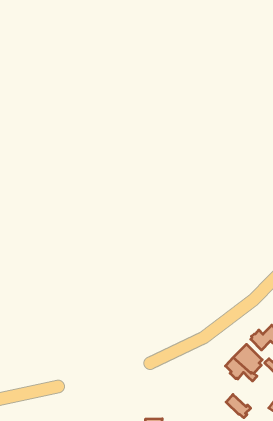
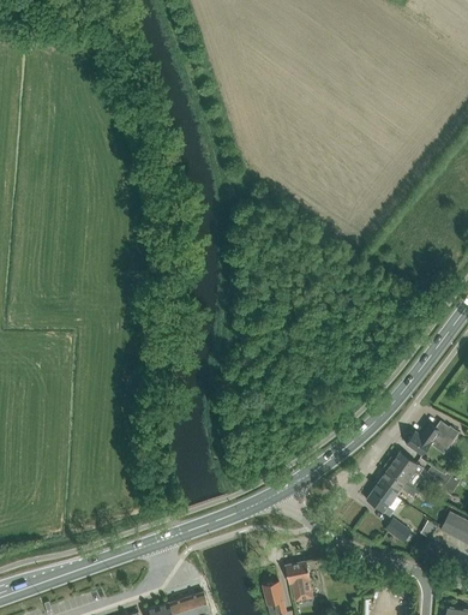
building: none -> [366,483,401,517]

